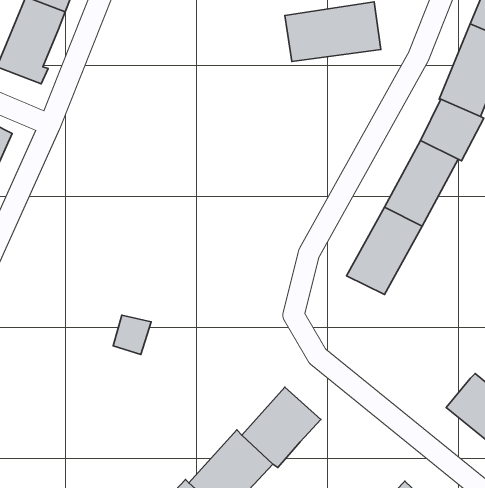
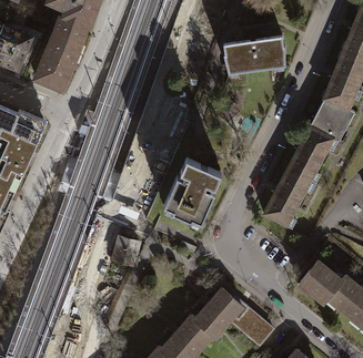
building: none -> [161,157,220,223]
building: none -> [299,260,342,303]
building: none -> [232,307,273,344]

